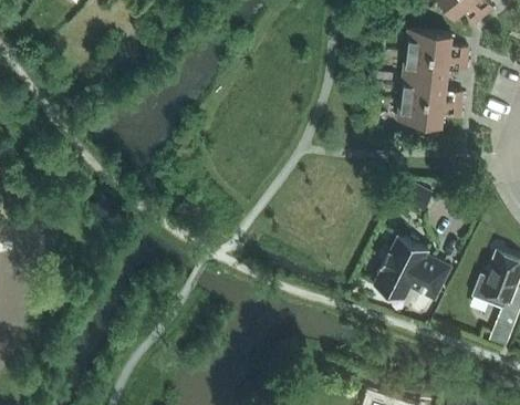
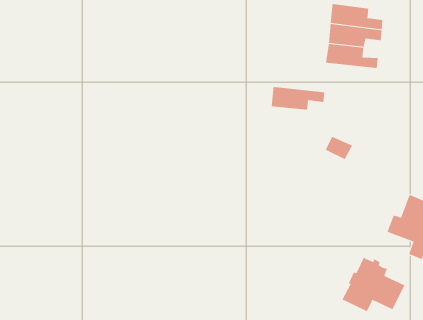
building: [398,98,461,126] -> [271,86,325,110]
building: [374,235,448,299] -> [341,257,405,312]

